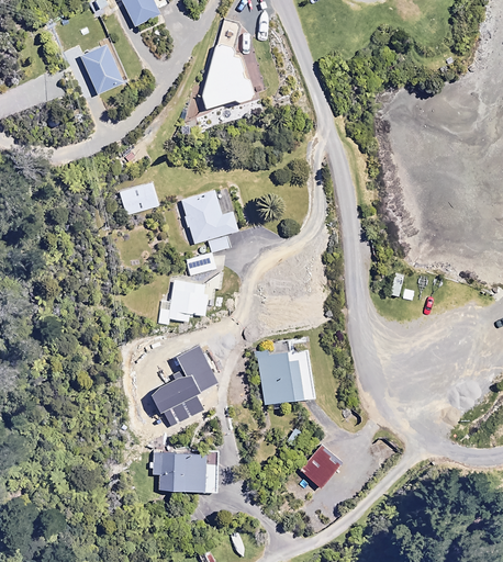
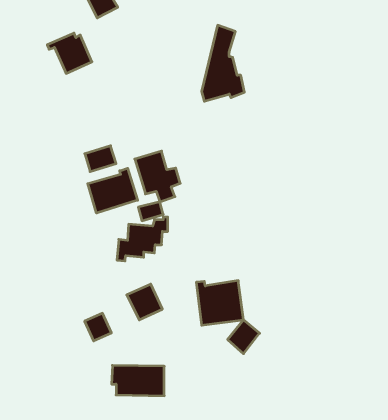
building: [201,14,254,108] -> [202,25,244,101]
building: none -> [88,168,138,213]
building: [155,391,188,425] -> [85,313,111,341]
building: [302,446,342,487] -> [228,320,260,354]

